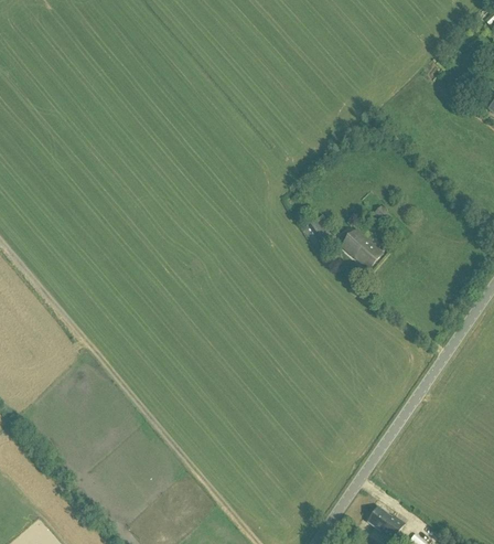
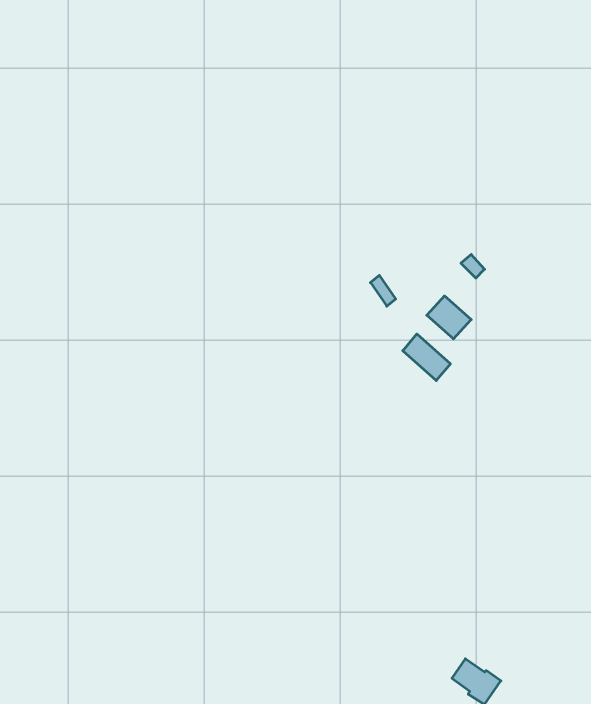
building: none -> [403,334,450,381]

